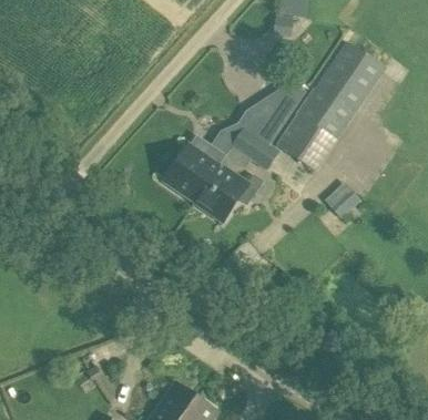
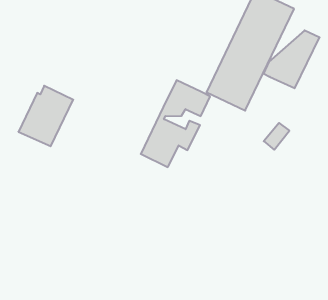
building: [237,81,305,143] -> [263,30,320,88]
building: [160,134,225,202] -> [18,86,73,146]

